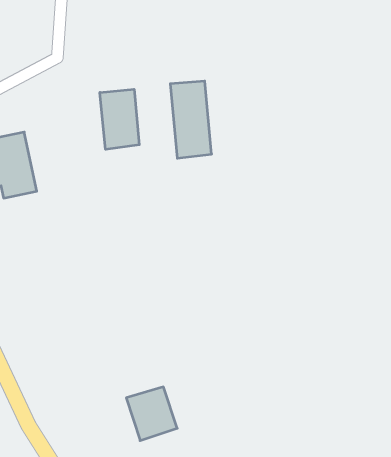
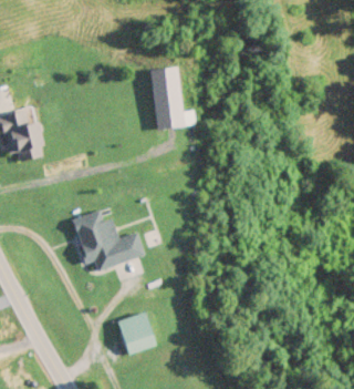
building: [100,89,139,149] -> none
building: none -> [70,211,143,270]

